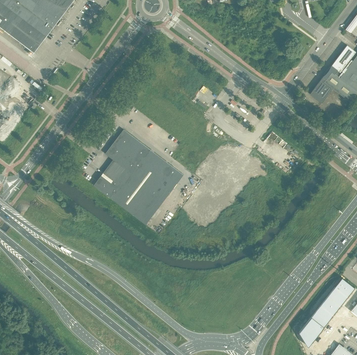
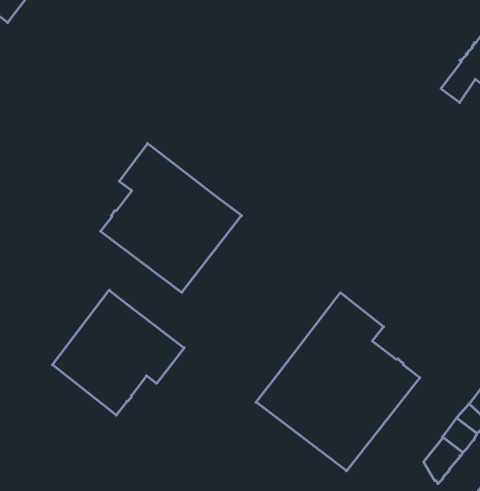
building: none -> [52,290,184,415]
building: none -> [256,293,420,471]

